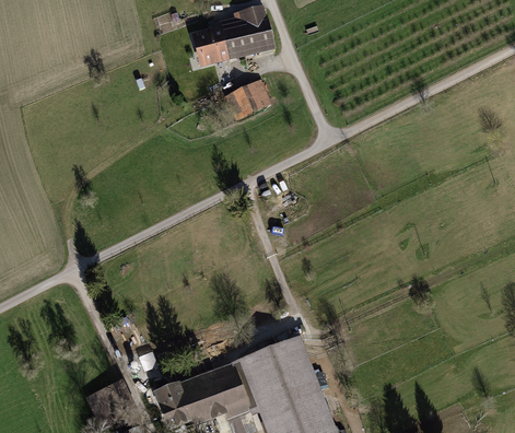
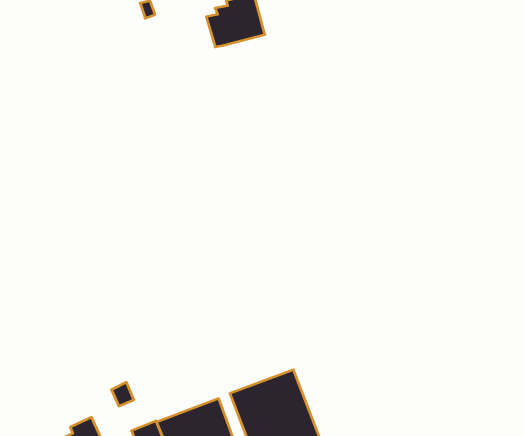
building: [195,27,229,60] -> none
building: [227,78,270,115] -> none

